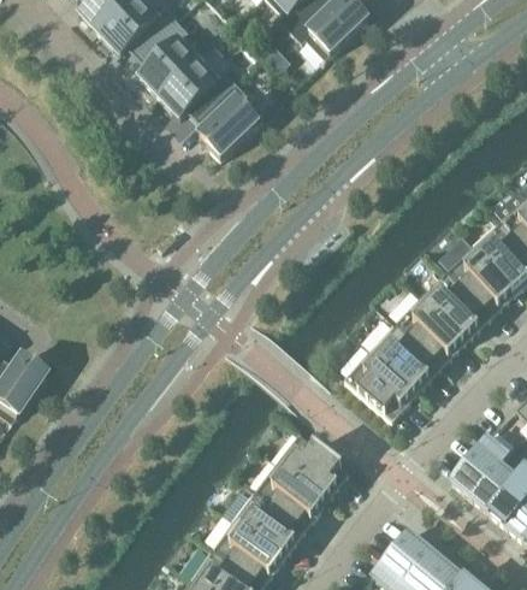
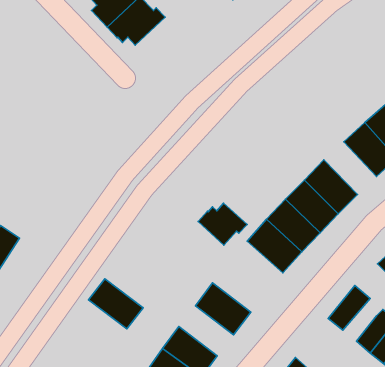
building: [196,81,262,158] -> none
building: [445,246,515,315] -> none
building: none -> [198,203,247,245]
building: [470,453,515,509] -> none
building: [254,462,326,529] -> [89,279,143,329]

